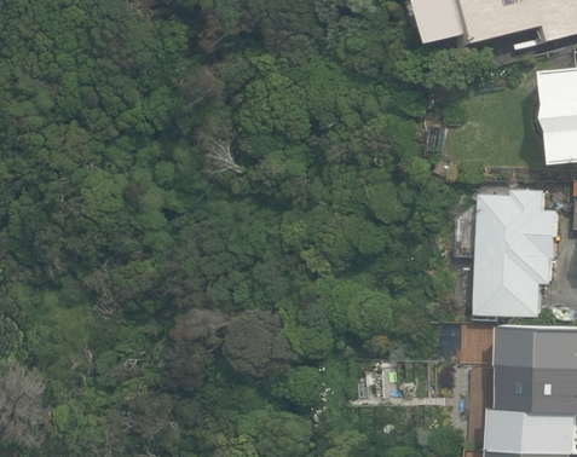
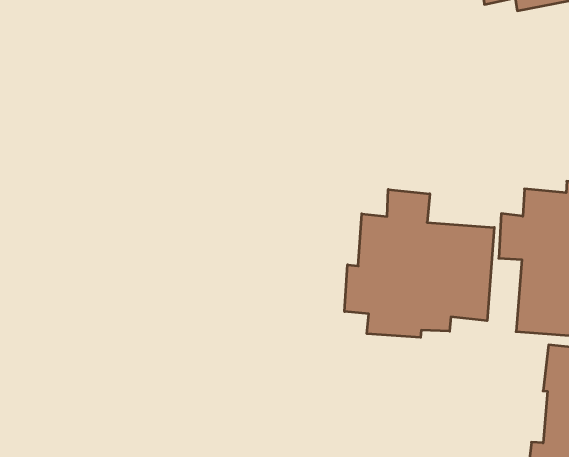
building: none -> [345,189,494,337]

